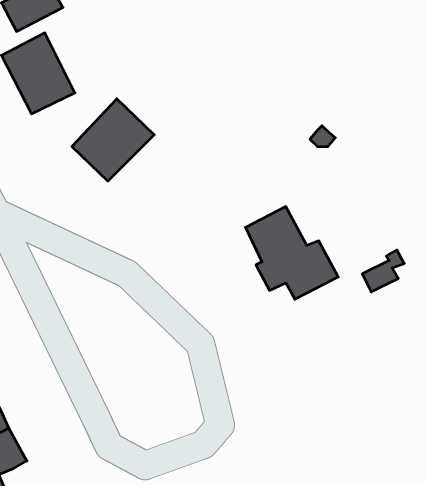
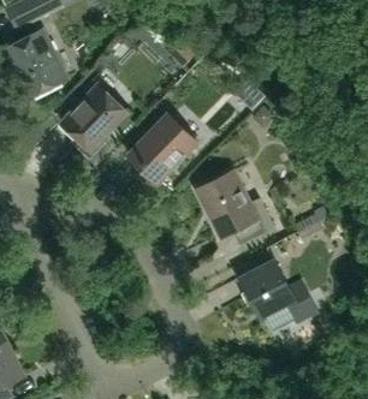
building: none -> [129,114,195,180]
building: none -> [238,261,316,330]

